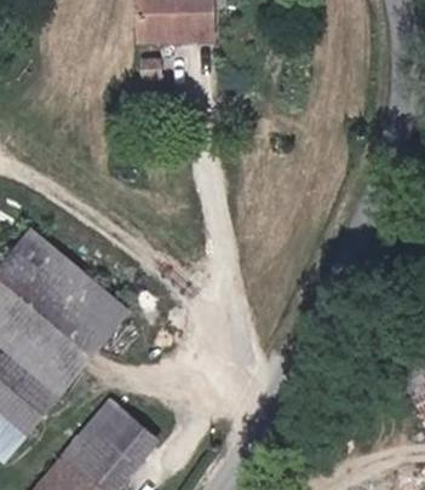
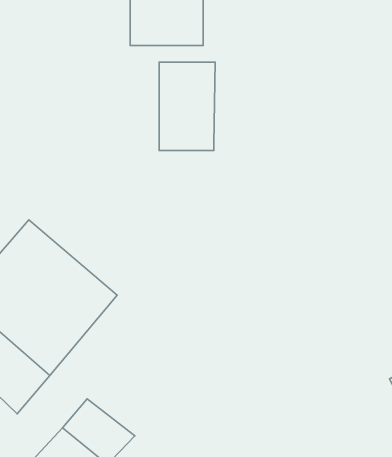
building: none -> [159,62,215,150]
building: [94,397,160,455] -> none

